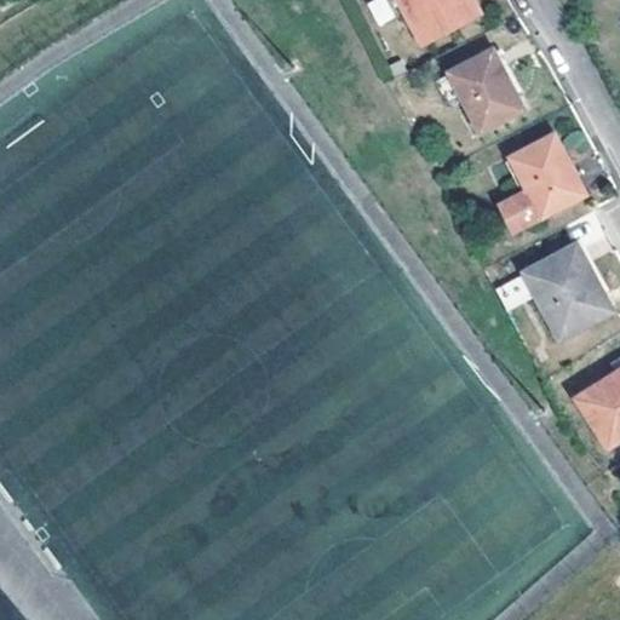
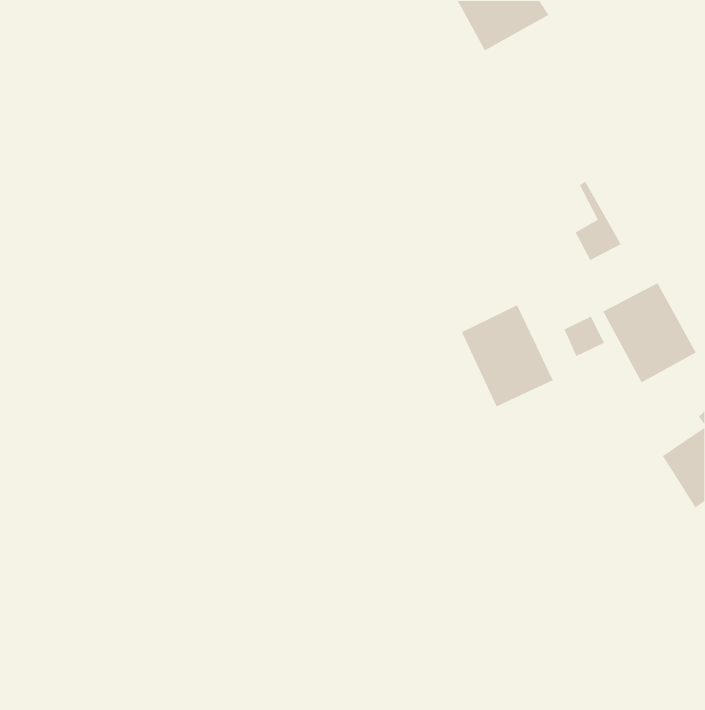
building: [450,52,519,128] -> none
building: [511,136,581,213] -> none
building: none -> [461,304,554,407]

